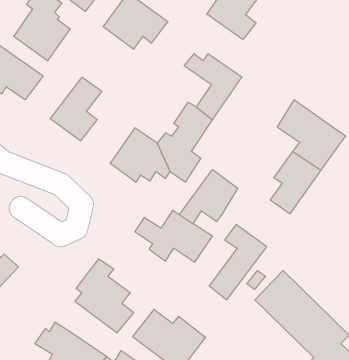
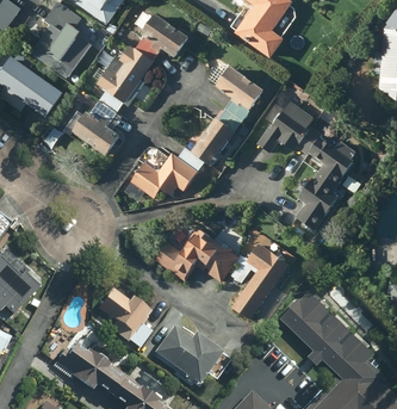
building: none -> [91,41,155,106]
building: [179,170,238,224] -> [258,95,317,150]

